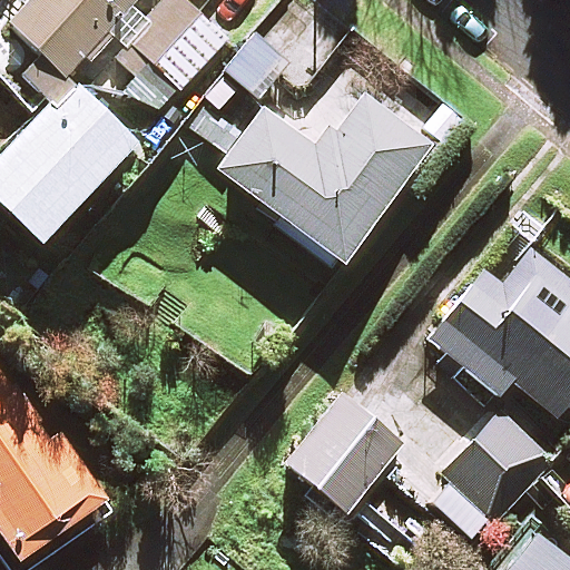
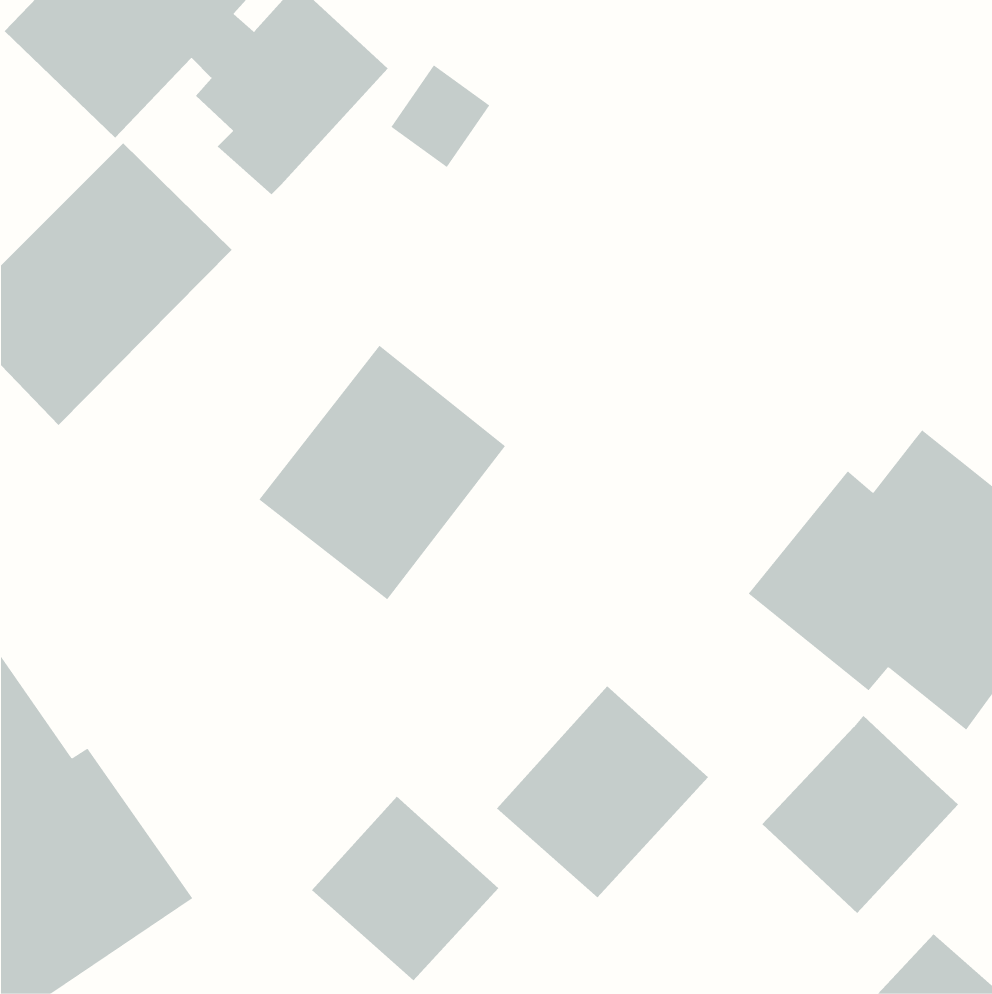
building: [187,94,430,263] -> none
building: none -> [258,345,506,600]
building: none -> [311,796,499,981]

